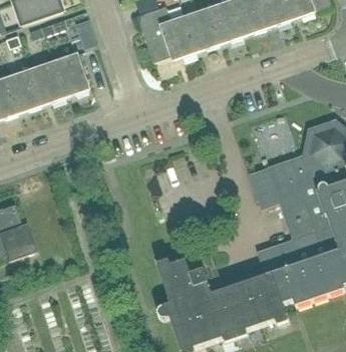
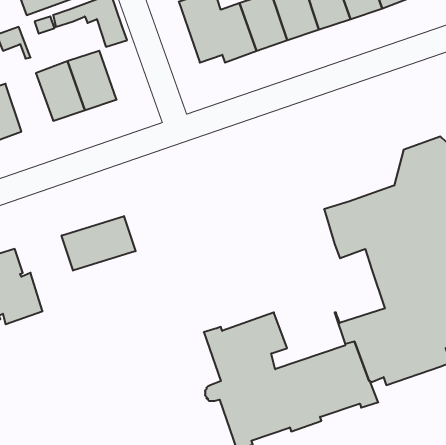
building: [6,69,42,113] -> none
building: none -> [62,216,136,271]

